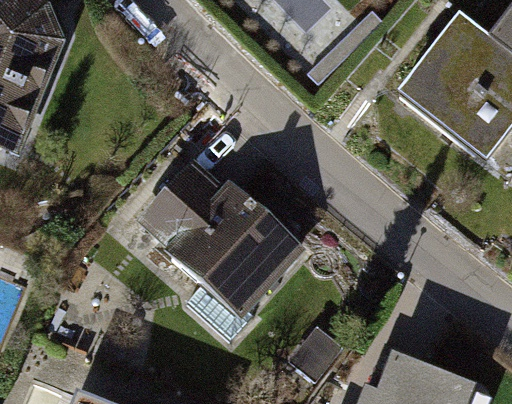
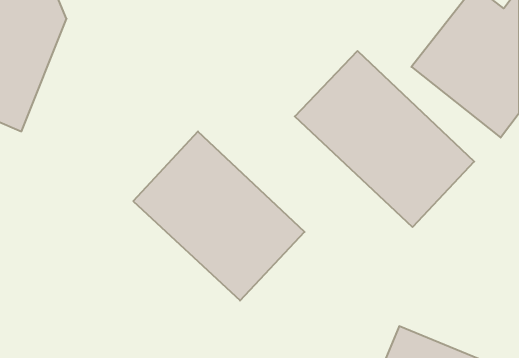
building: none -> [295,51,474,227]

